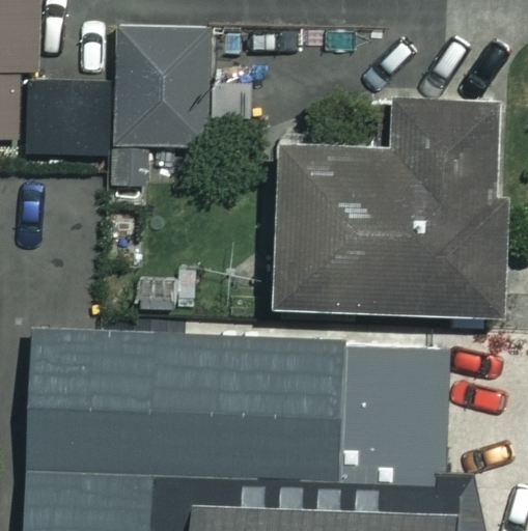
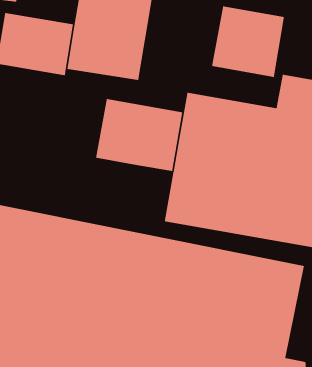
building: none -> [211,6,285,78]
building: none -> [95,98,183,172]

